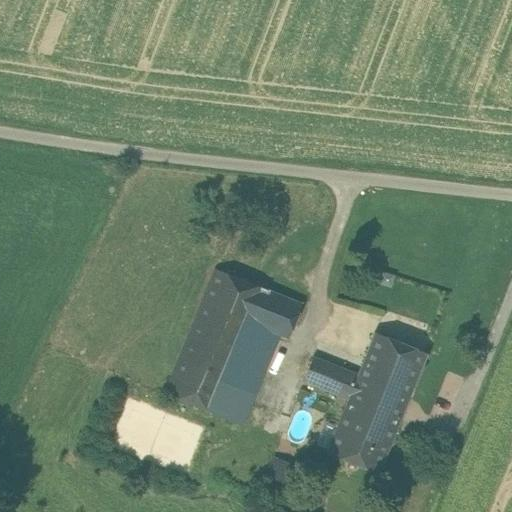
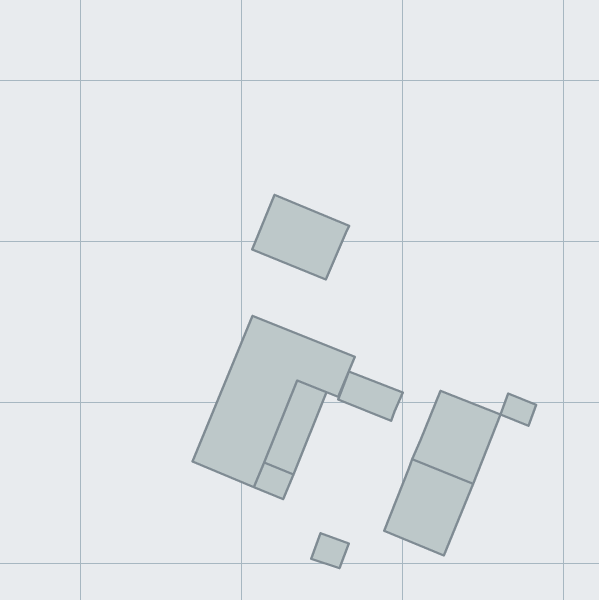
building: none -> [252,195,349,279]
building: none -> [500,393,536,426]
building: [304,357,359,399] -> [338,371,403,421]

